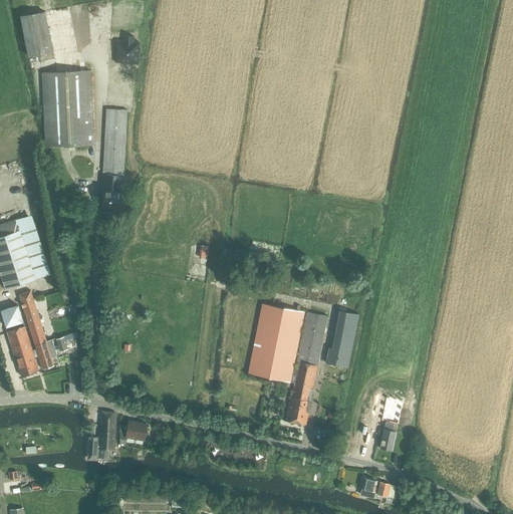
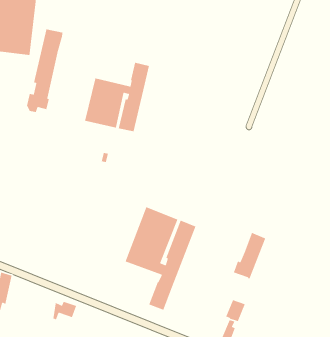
building: none -> [84,62,150,132]
building: [325,309,358,366] -> [233,232,266,279]
building: [119,421,147,446] -> [52,301,77,320]

